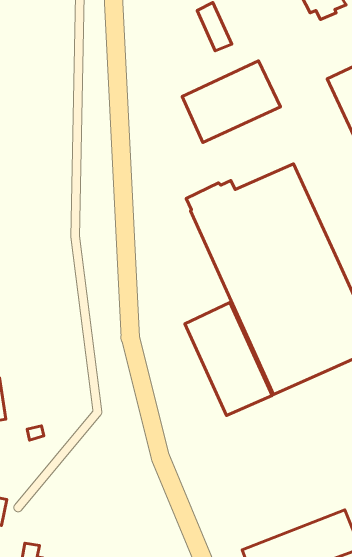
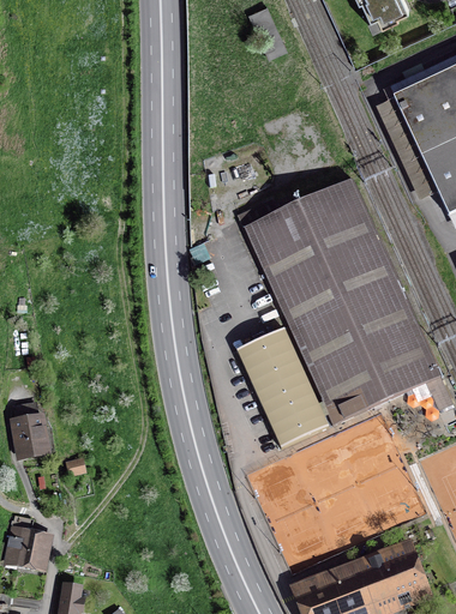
building: [182,61,280,143] -> none

